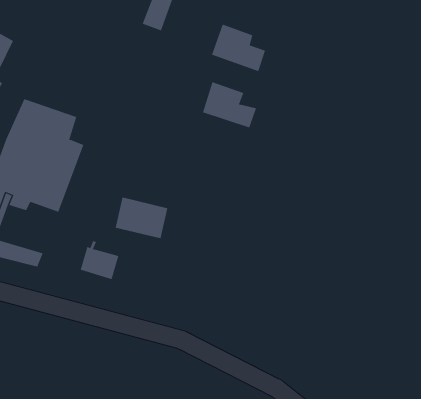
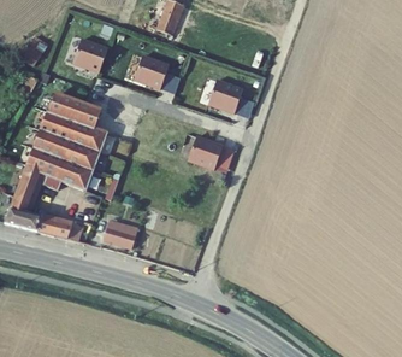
building: [211,24,266,72] -> [132,54,179,95]
building: none -> [71,37,108,74]
building: [115,197,168,239] -> [188,136,233,172]

